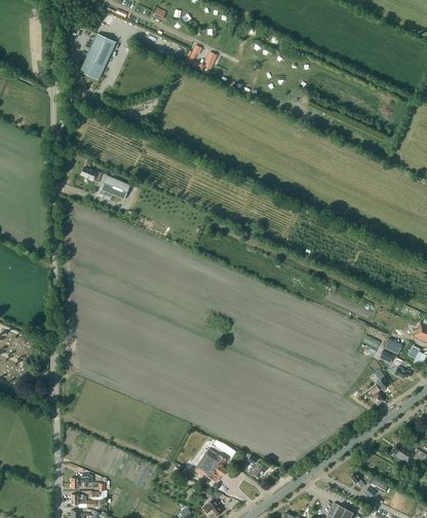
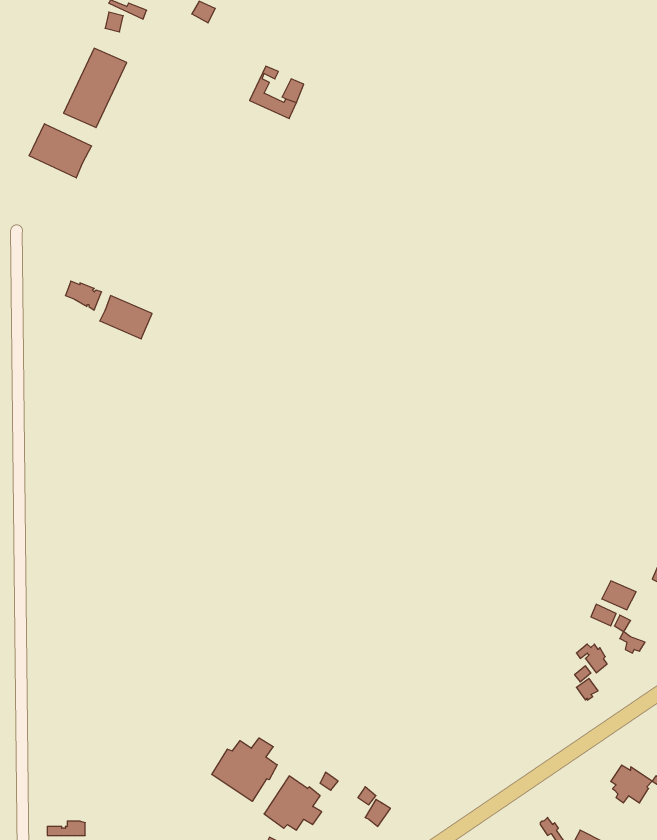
building: none -> [29,124,92,178]
building: none -> [212,738,277,801]

